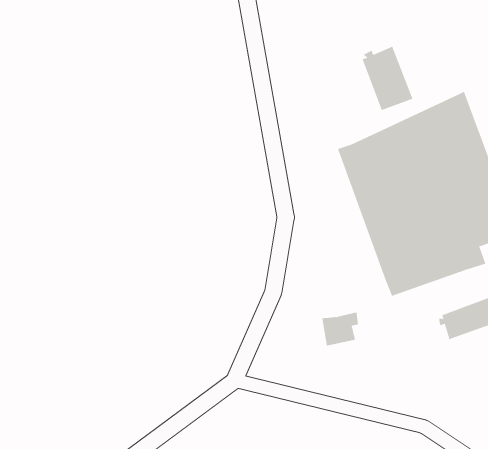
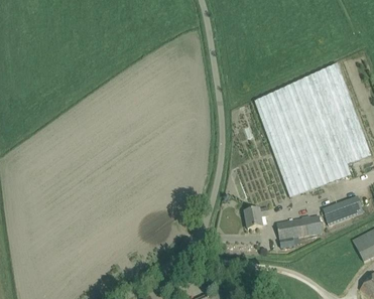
building: [362,46,413,111] -> none
building: none -> [275,214,321,248]

